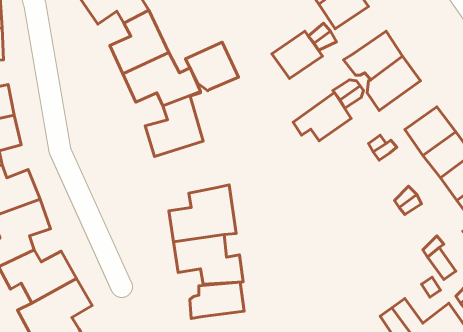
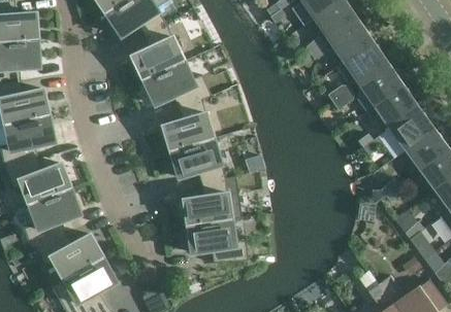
building: [272,31,322,79] -> [329,21,374,62]
building: [186,42,238,91] -> none
building: [293,92,351,141] -> [367,85,418,128]
building: none -> [171,138,226,183]
building: [190,282,244,319] -> none

